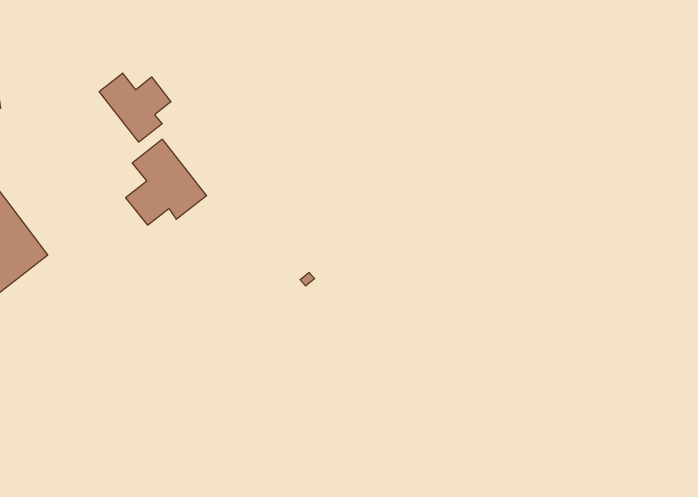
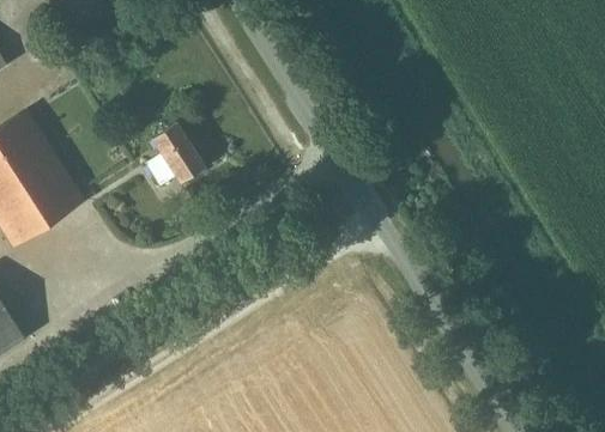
building: [99,73,171,142] -> none

